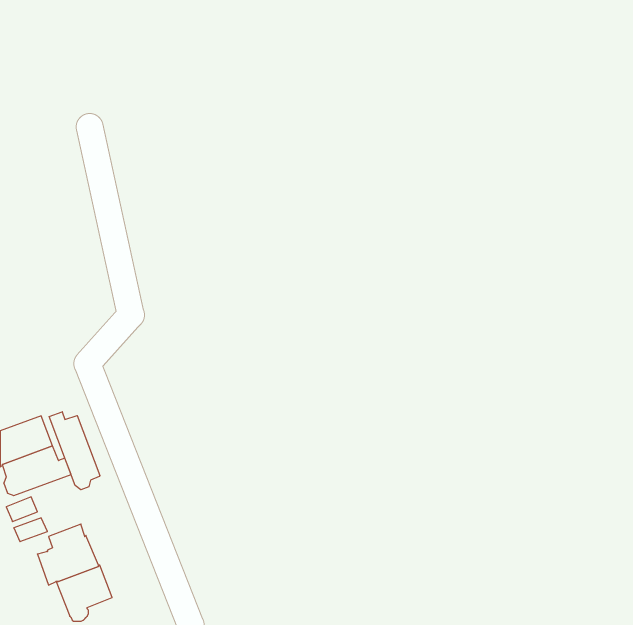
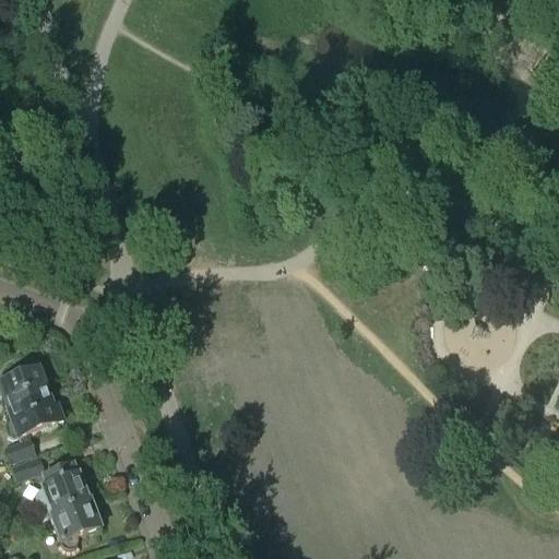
building: [49,412,100,490] -> none

